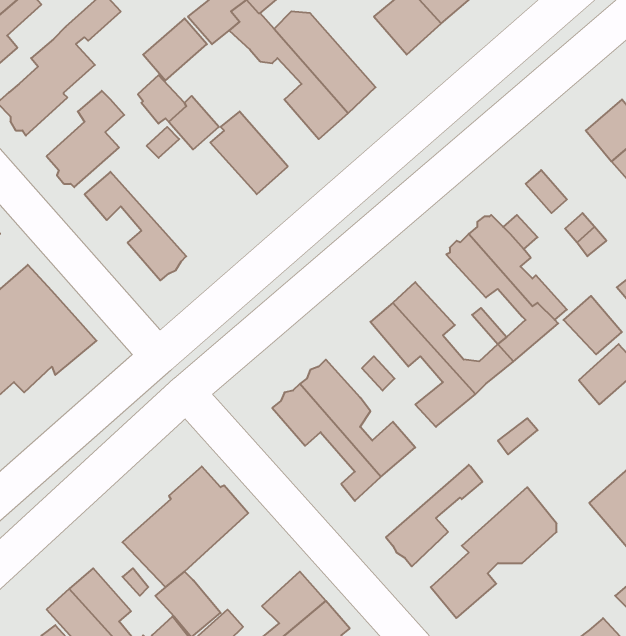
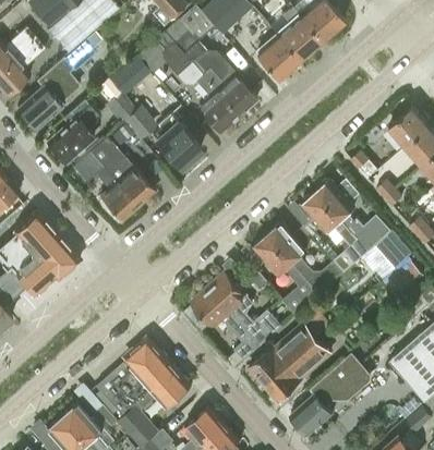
building: none -> [88,138,154,207]
building: none -> [249,323,315,385]
building: none -> [135,369,191,412]

